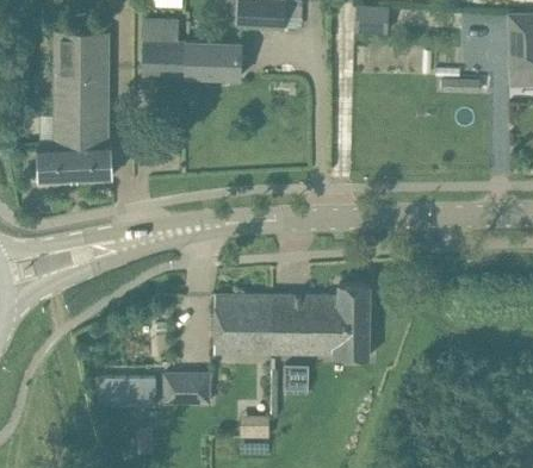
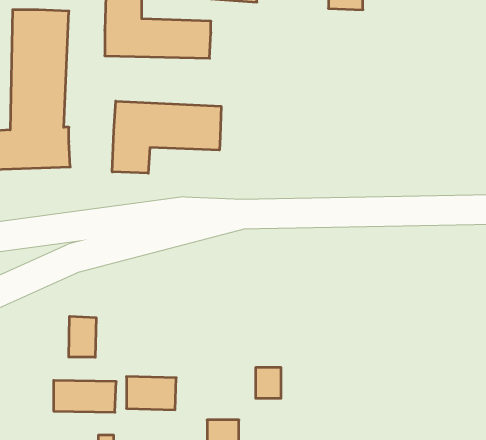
building: none -> [112,101,221,173]
building: [215,285,370,358] -> none
building: none -> [69,316,96,357]

